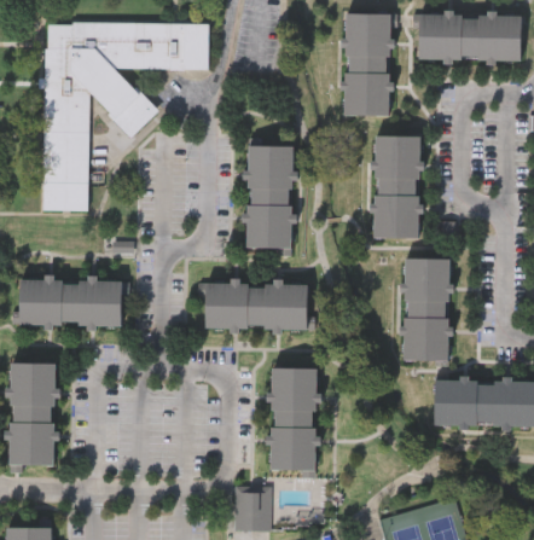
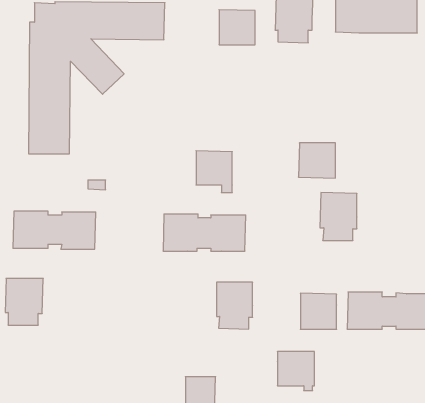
building: [344,72,389,116] -> [219,10,255,45]
building: [375,137,420,193] -> none
building: [248,146,294,204] -> none
building: [400,318,445,362] -> [300,293,337,329]
building: [8,423,54,466] -> none
building: [271,429,317,477] -> [277,352,314,391]

